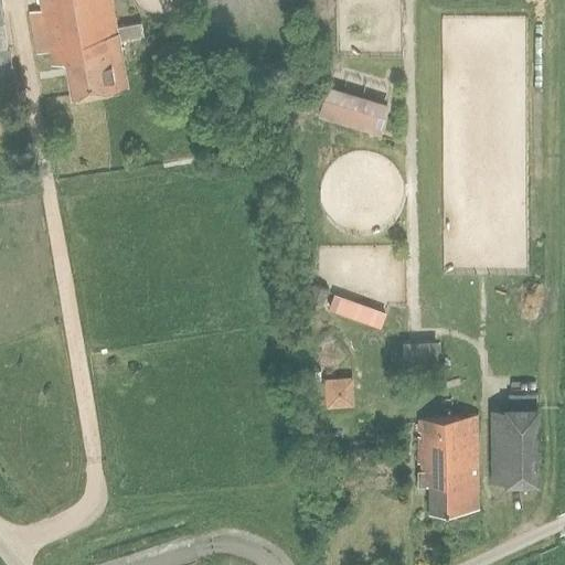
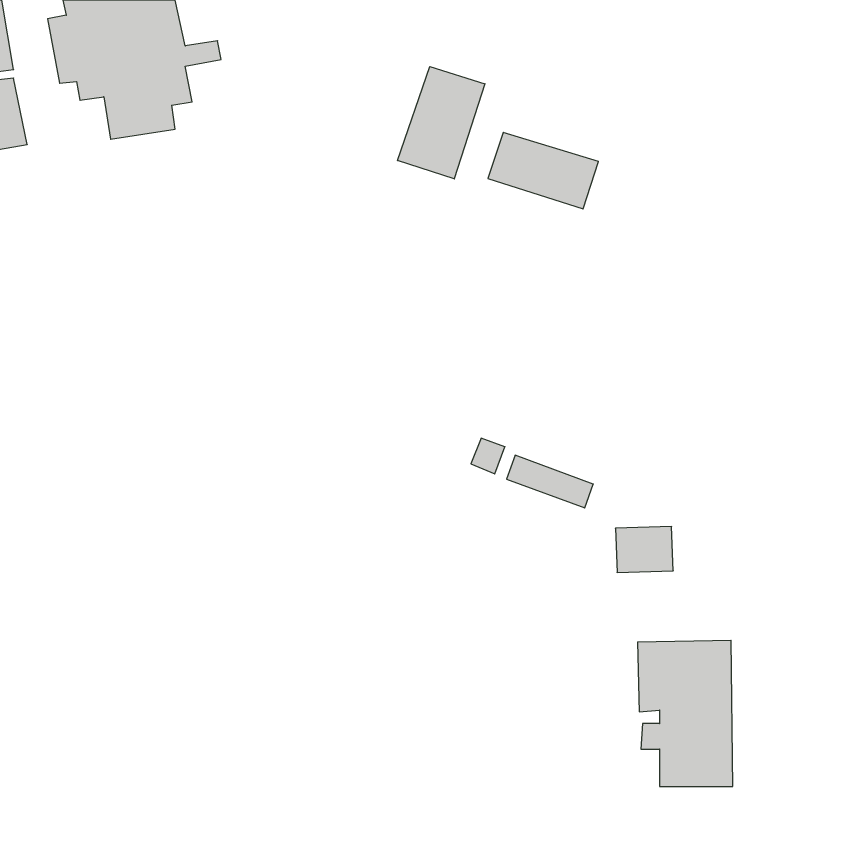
building: none -> [398,67,485,179]
building: [326,373,358,406] -> none
building: [488,394,541,486] -> none

